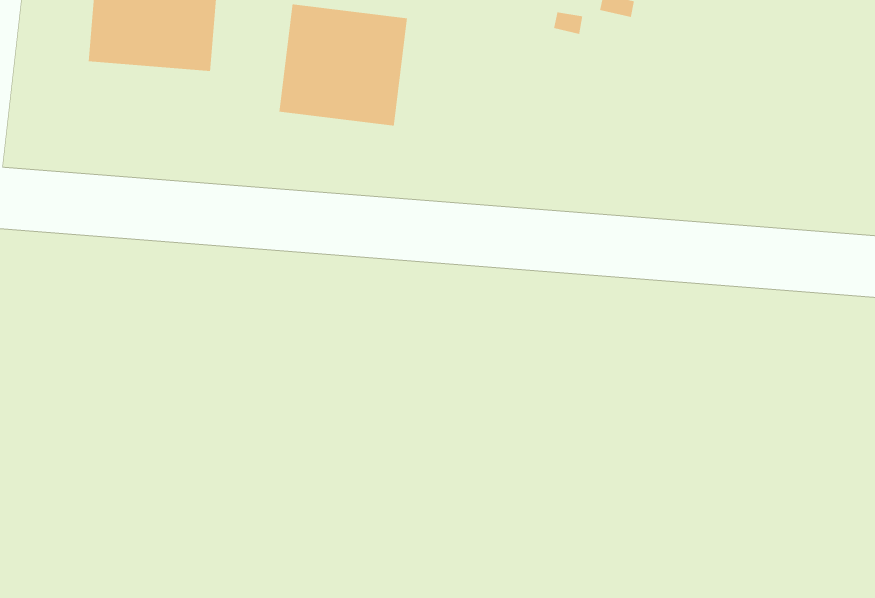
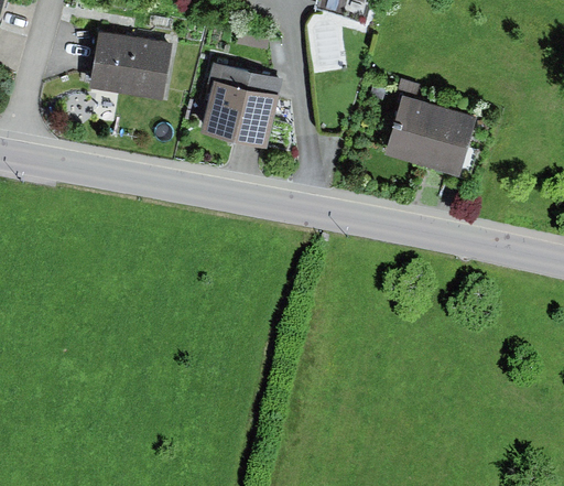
building: none -> [384,94,477,174]

